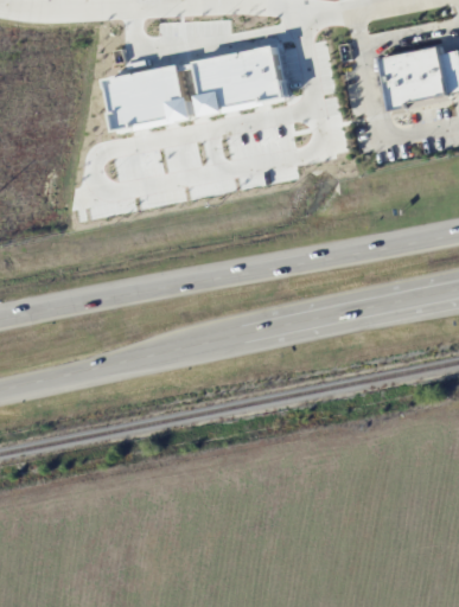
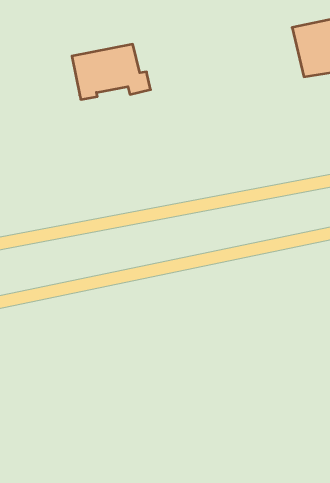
building: [199,46,289,119] -> none

